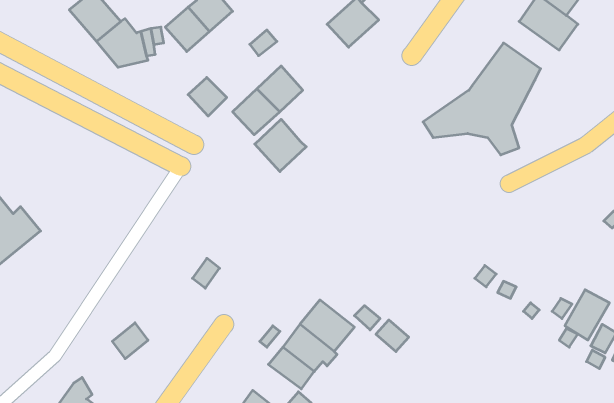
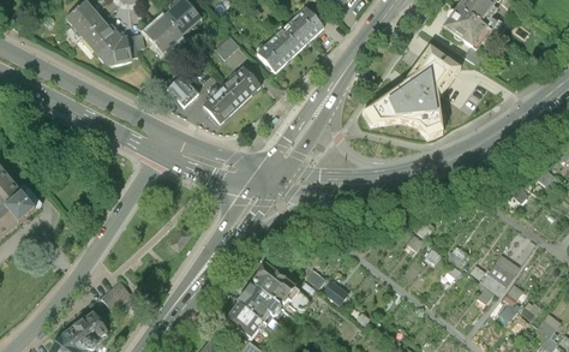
building: none -> [256,30,298,72]
building: [255,119,306,172] -> none
building: none -> [74,308,113,340]

